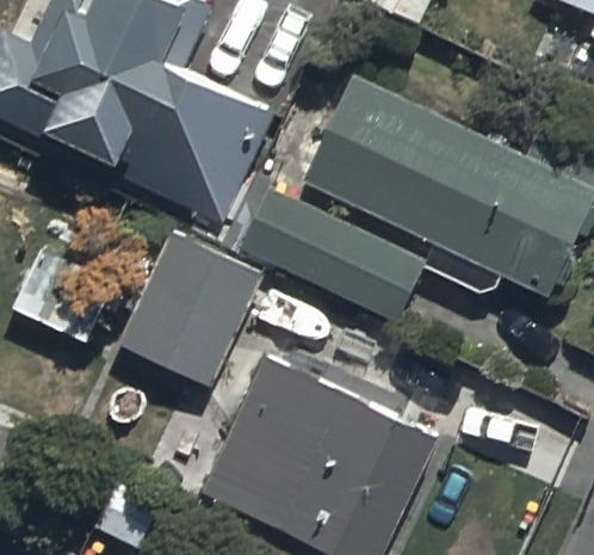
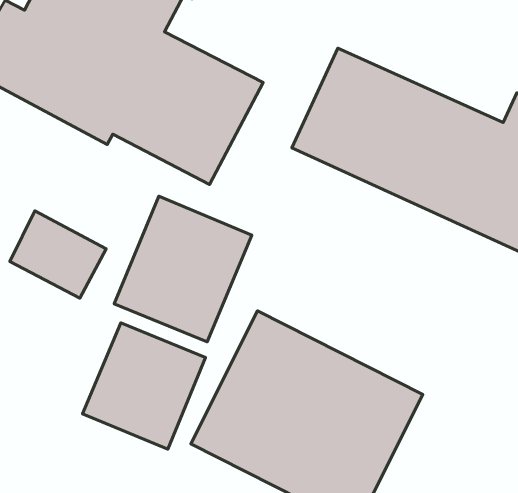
building: [239,189,423,323] -> none
building: none -> [83,323,206,449]

